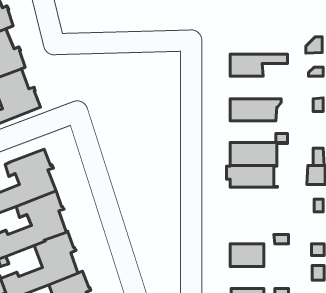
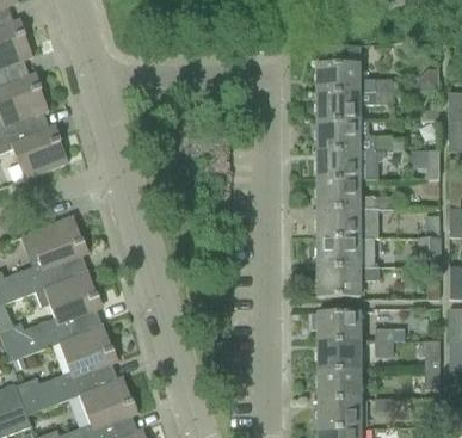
building: none -> [315,47,392,93]
building: none -> [316,122,392,152]
building: none -> [316,180,359,209]
building: none -> [316,267,378,297]
building: none -> [310,311,361,341]
building: none -> [316,371,361,400]

